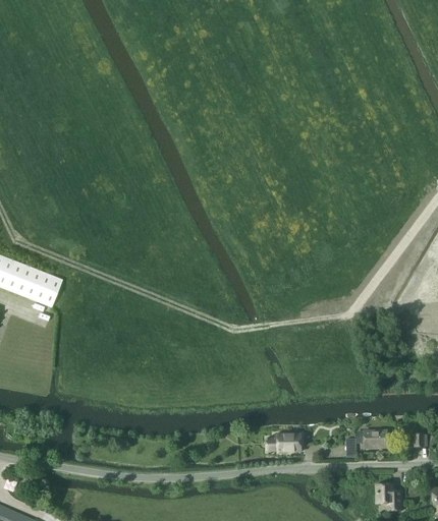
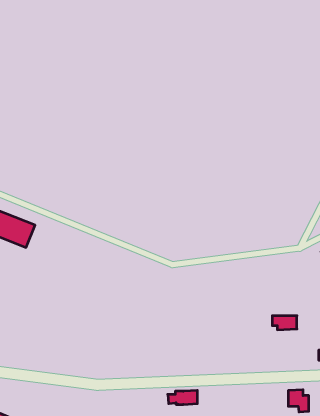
building: [357,430,387,448] -> [272,316,297,330]
building: [266,435,303,452] -> [168,390,197,404]

